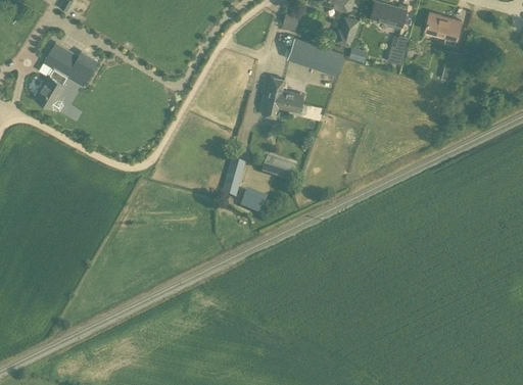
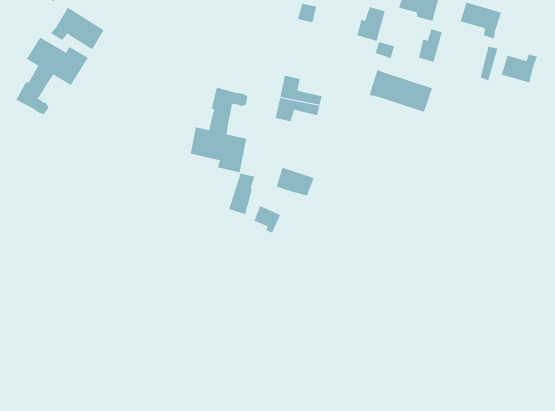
building: none -> [50,7,105,50]
building: [287,36,343,74] -> [369,69,433,112]
building: none -> [501,54,538,83]
building: none -> [190,87,248,173]

